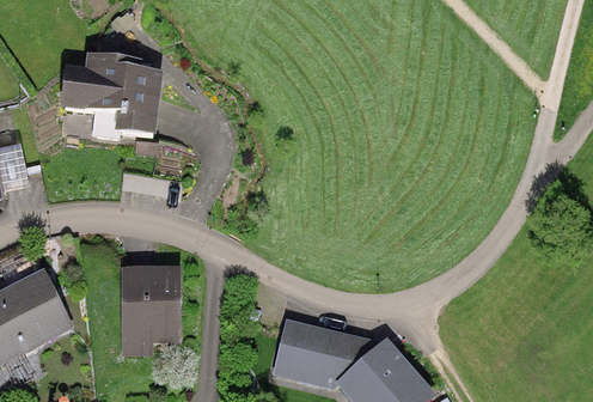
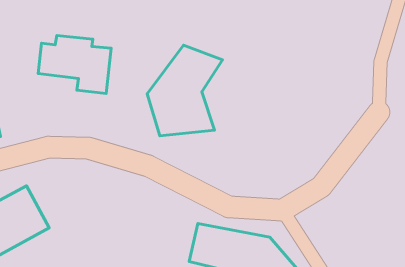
building: none -> [147,45,222,136]
building: [118,267,182,352] -> none

